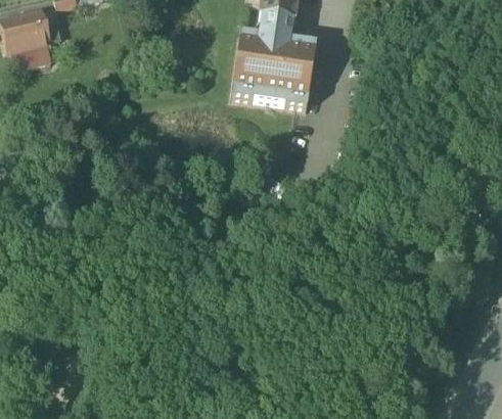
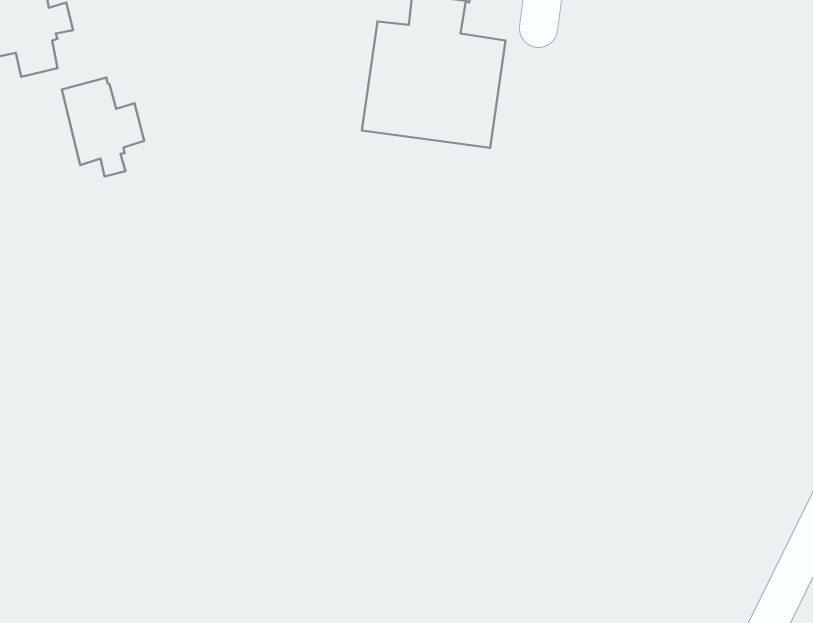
building: none -> [62,78,144,177]

